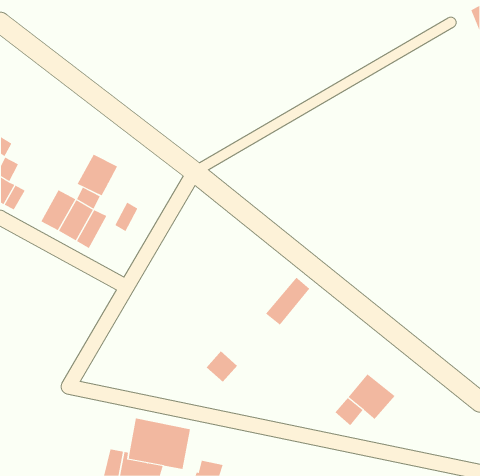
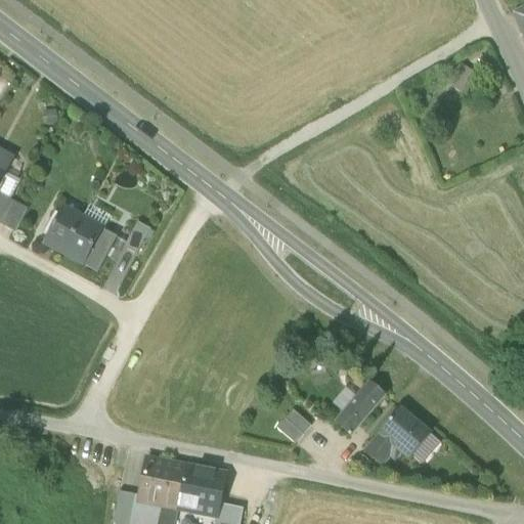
building: [77,154,118,196] -> none
building: [265,277,310,326] -> [336,381,385,434]
building: [206,351,238,383] -> [277,407,312,442]
building: none -> [200,468,225,515]

